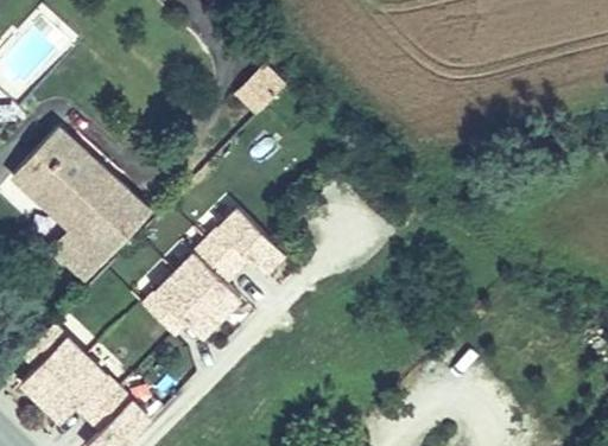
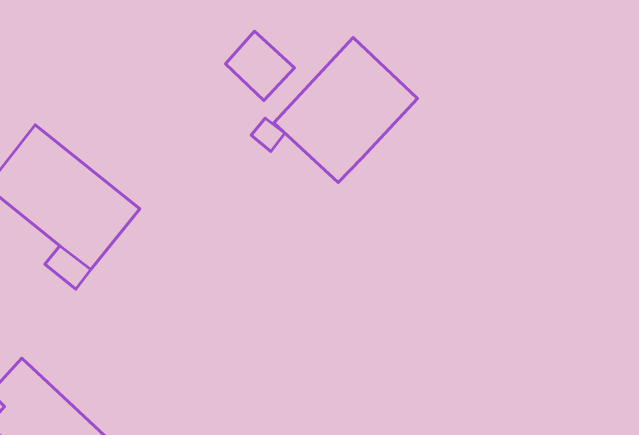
building: none -> [274,38,418,182]
building: [132,216,274,344] -> none

